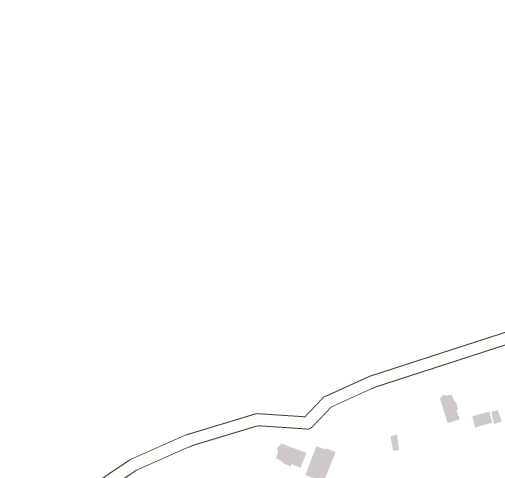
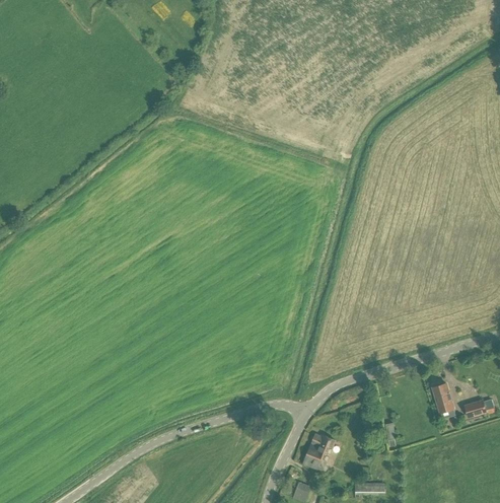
building: [275,442,307,469] -> none

